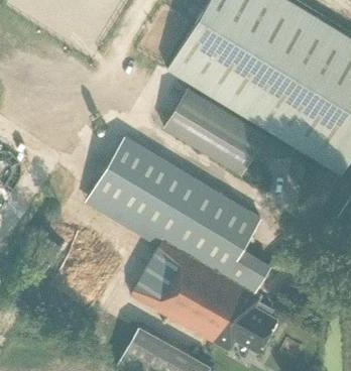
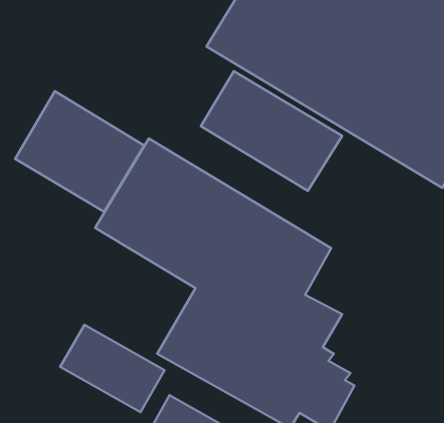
building: none -> [15,91,144,212]
building: none -> [60,325,165,412]

